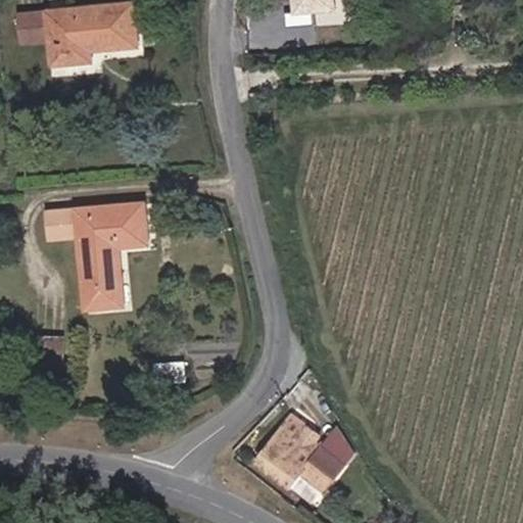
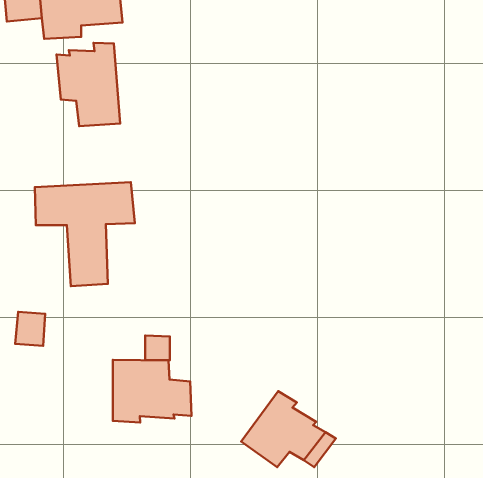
building: none -> [56,43,120,126]
building: none -> [113,360,192,423]

